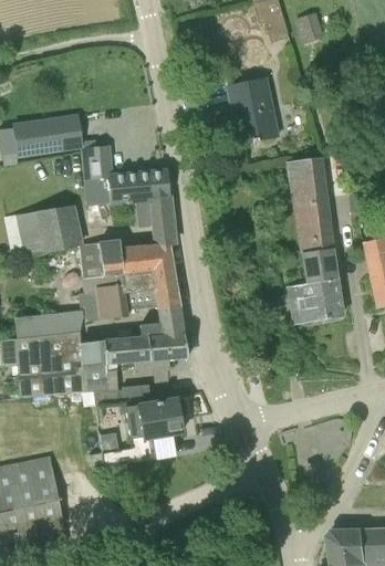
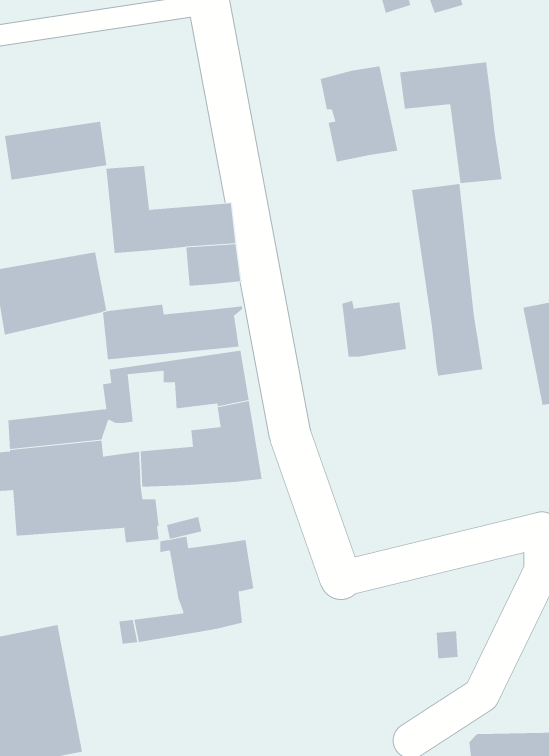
building: none -> [400,61,502,184]
building: [298,282,342,321] -> [341,300,407,357]
building: [97,284,129,318] -> none

